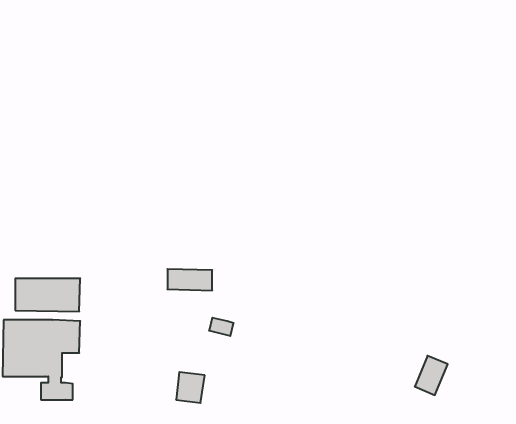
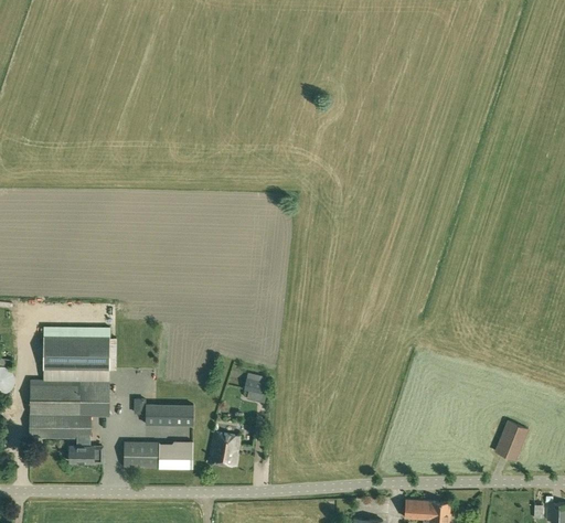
building: [167,269,212,290] -> [147,403,193,425]
building: [415,356,448,395] -> [493,420,527,461]
building: none -> [122,442,192,469]

